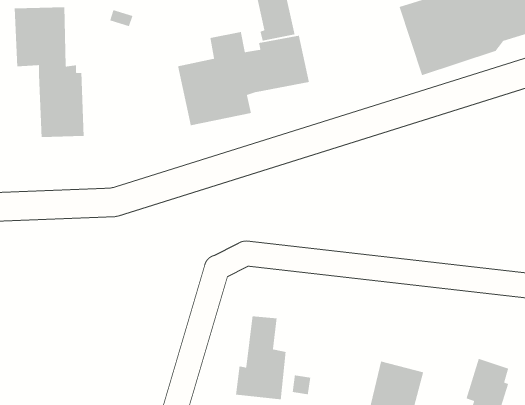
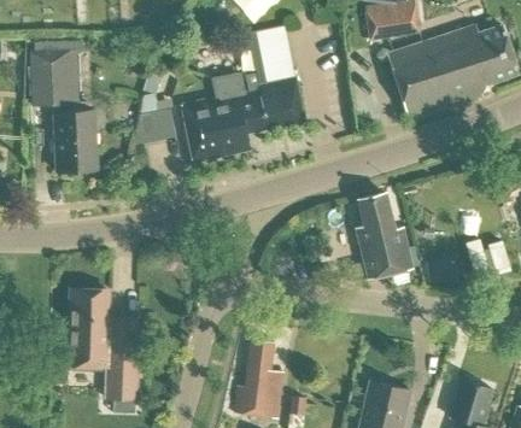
building: none -> [134,107,174,145]
building: none -> [356,193,412,280]
building: none -> [68,289,139,399]

